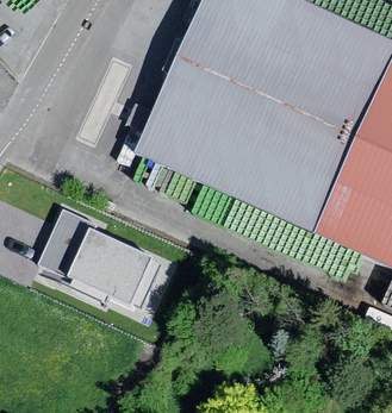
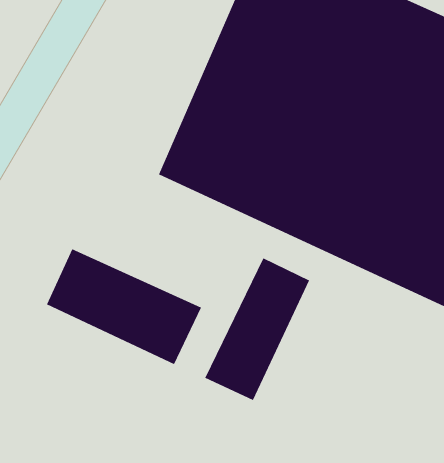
building: none -> [205,258,310,401]

